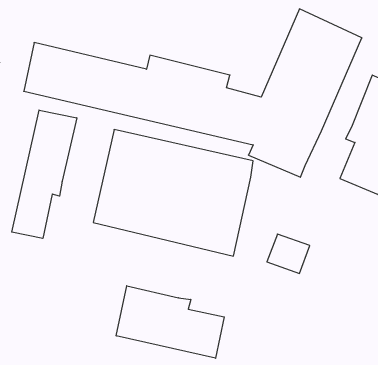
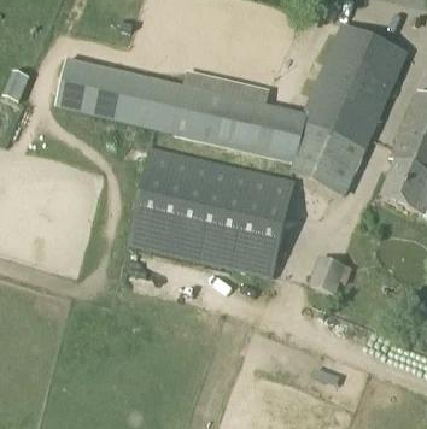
building: [12,110,77,238] -> none
building: [116,286,224,358] -> none

